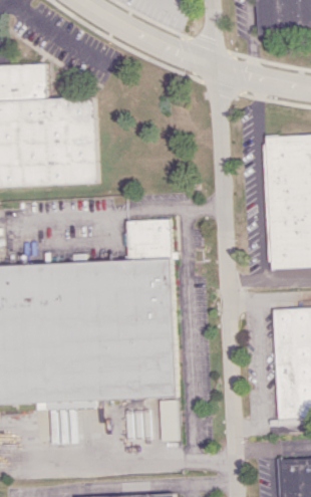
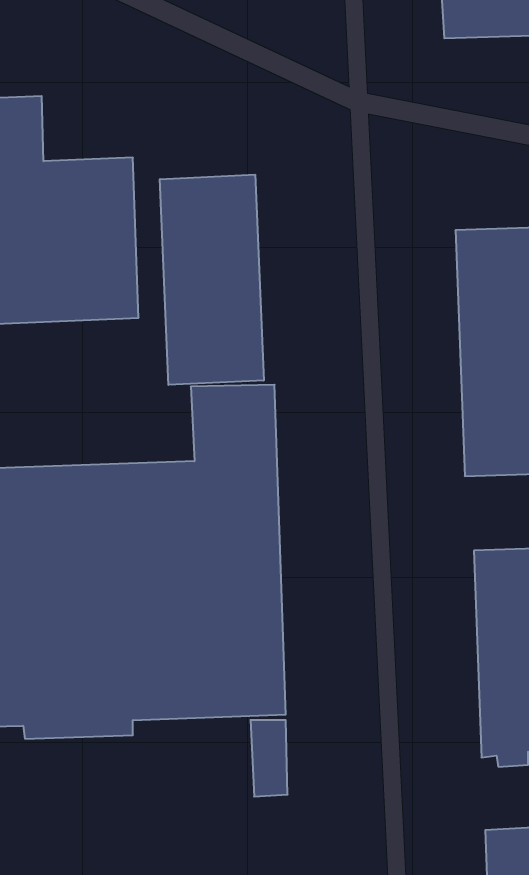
building: none -> [160,175,264,385]

